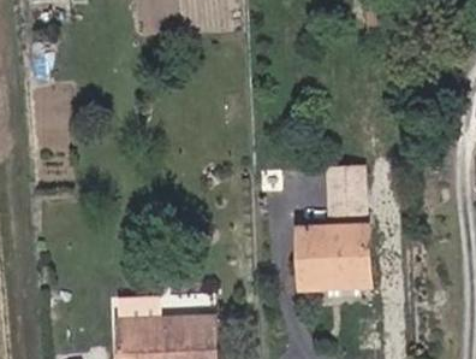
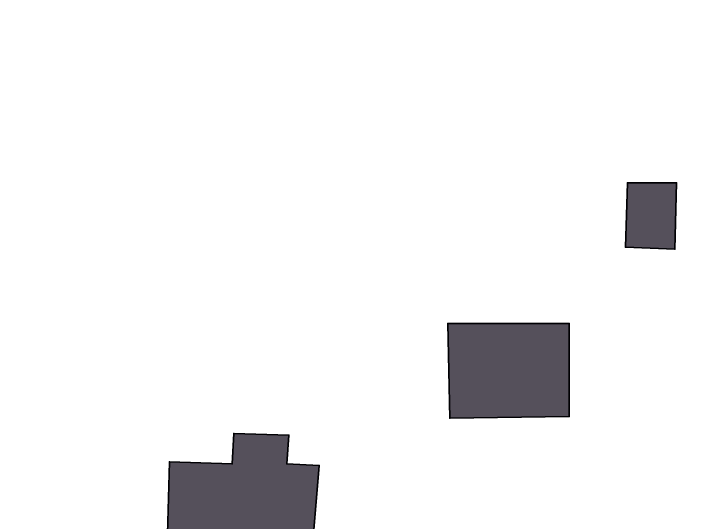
building: [337,170,369,212] -> [626,183,677,249]

